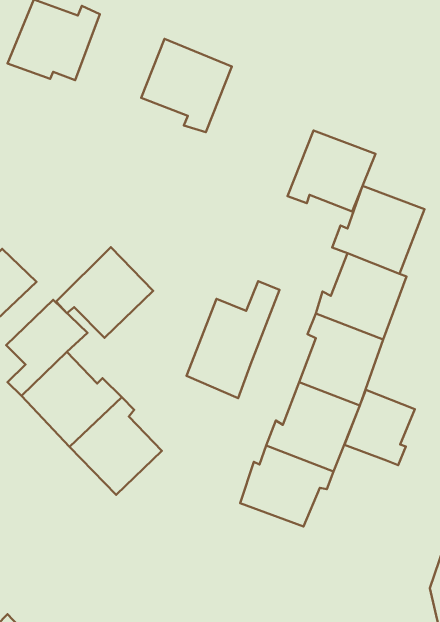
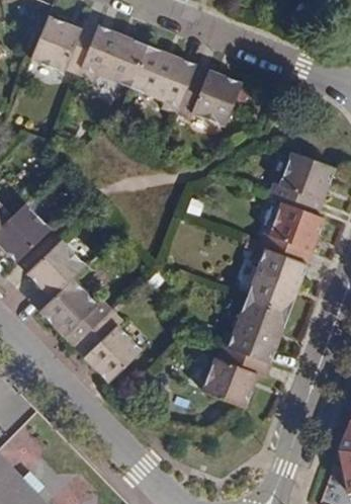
building: none -> [78,27,144,89]
building: [287,130,376,211] -> [174,66,239,125]
building: [56,247,153,338] -> none
building: [186,281,279,398] -> none
building: [345,390,415,465] -> none

